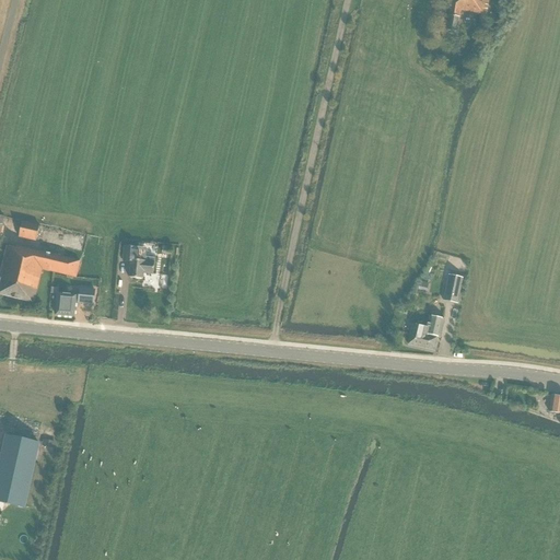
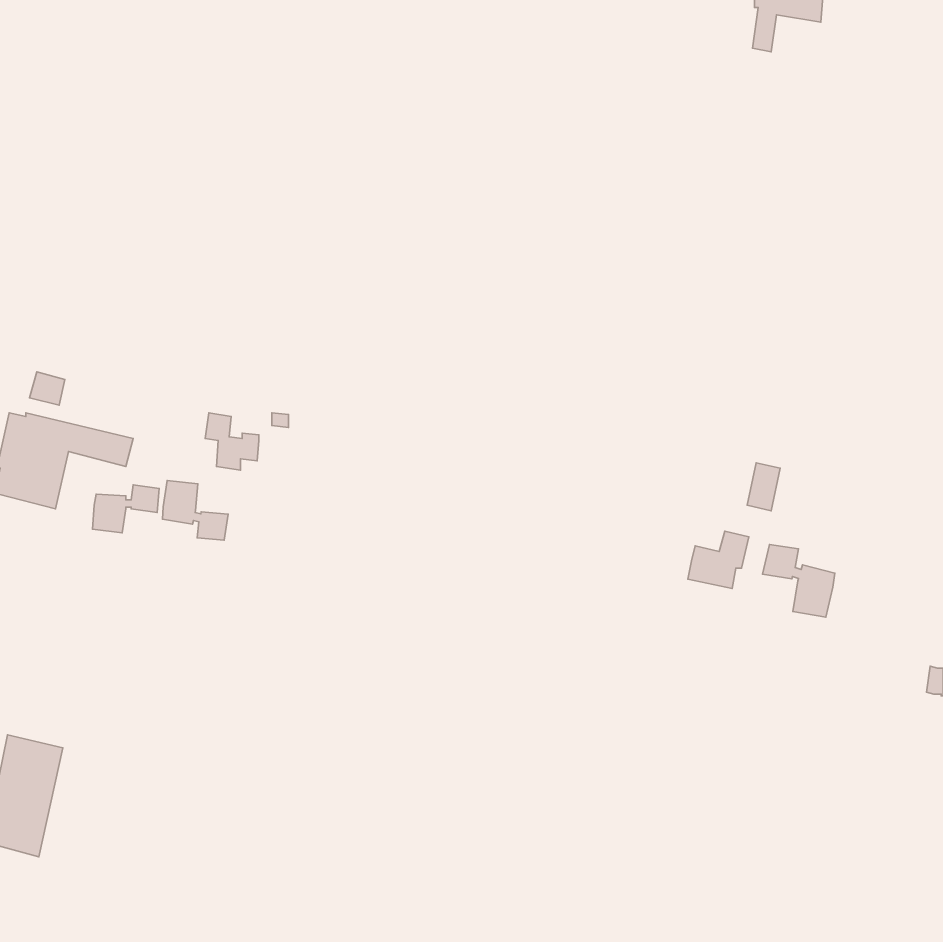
building: none -> [162,481,228,540]
building: none -> [763,544,835,617]

